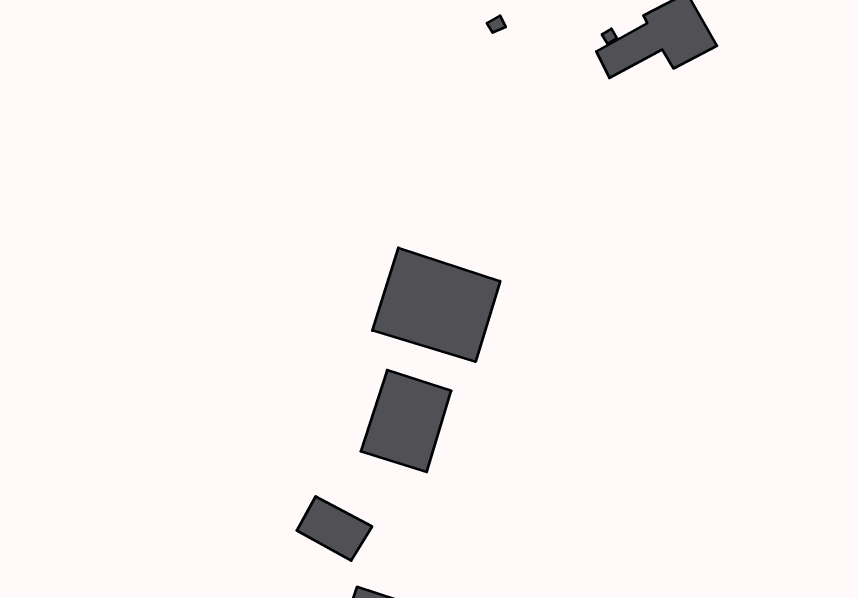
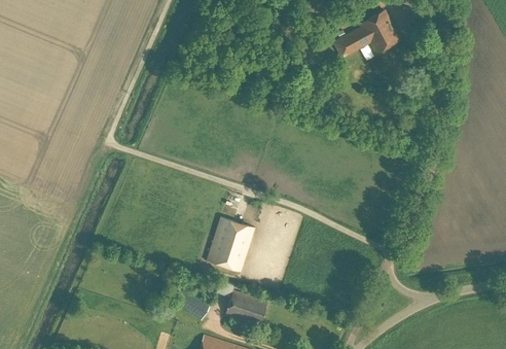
building: [372,248,500,362] -> none
building: none -> [225,291,267,323]

